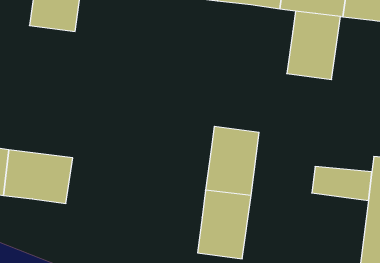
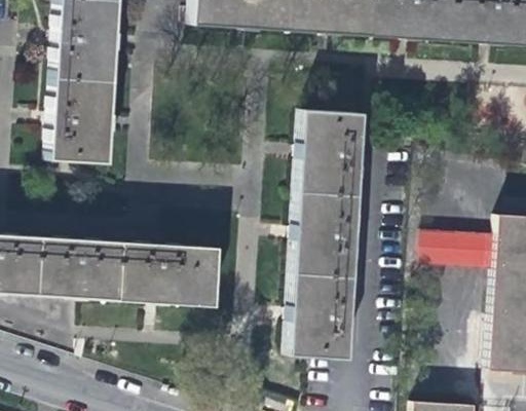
building: [287,11,340,80] -> [299,110,363,194]
building: none -> [50,76,114,162]
building: none -> [116,241,218,306]

